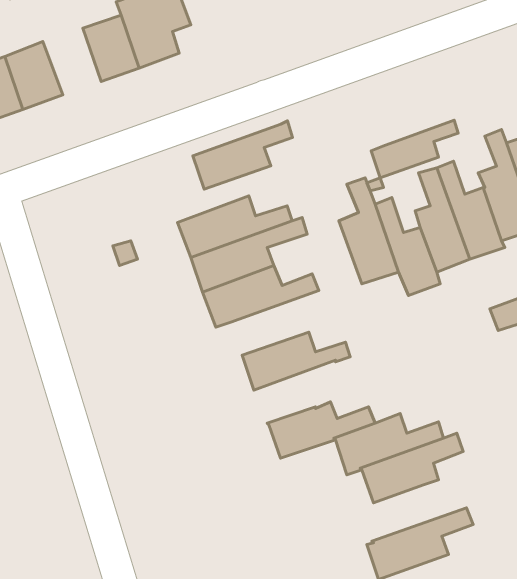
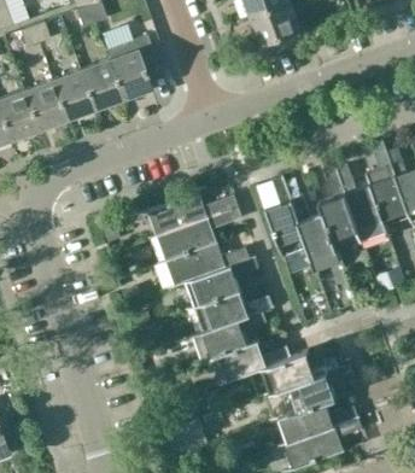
building: none -> [49,70,92,118]
building: [371,120,458,178] -> none
building: [193,121,292,189] -> [186,258,258,308]
building: none -> [193,311,265,362]
building: none -> [280,402,357,443]

